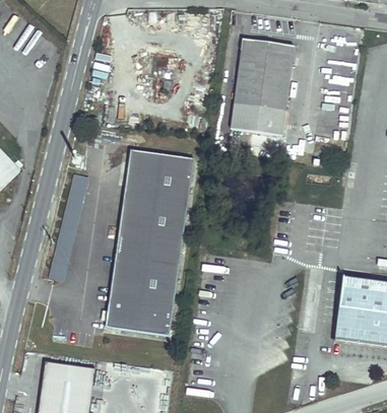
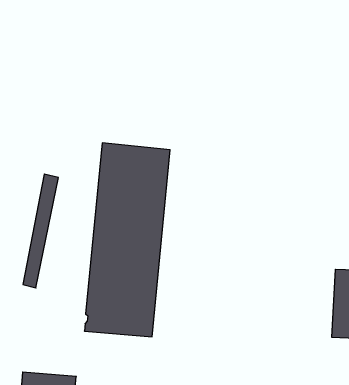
building: [225,33,294,142] -> none

